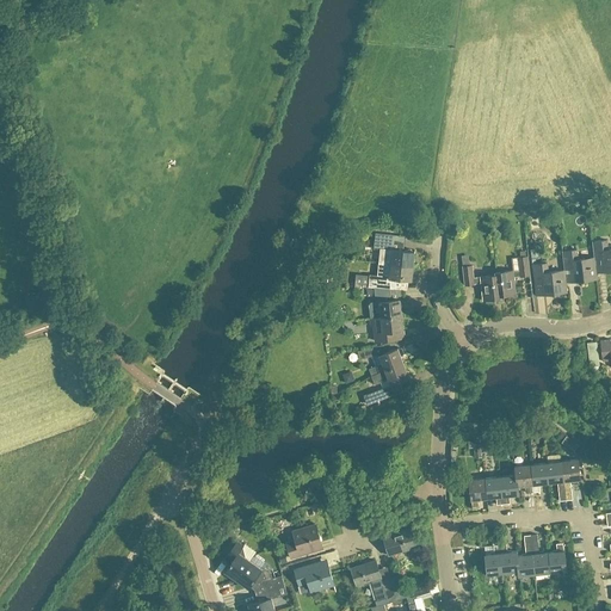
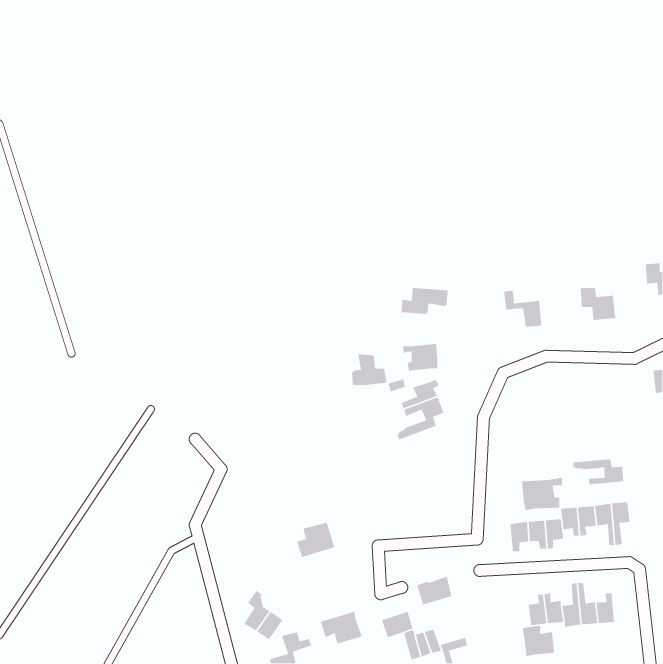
building: [372,234,414,266] -> none
building: [561,251,595,282] -> none
building: [495,258,529,300] -> none
building: [368,288,401,317] -> [351,353,387,386]
building: none -> [573,458,624,485]
building: none -> [521,477,563,511]
building: [285,525,321,558] -> [296,522,335,558]
building: none -> [522,625,555,657]

